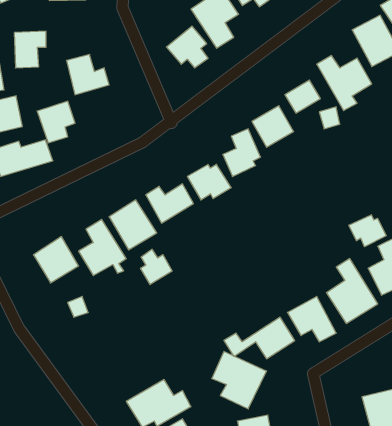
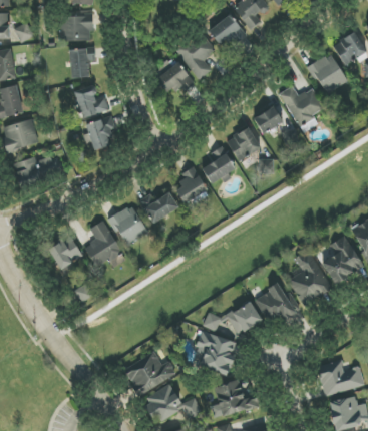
building: [14,31,46,68] -> [69,48,95,78]
building: [37,101,75,143] -> [85,116,116,150]
building: [349,215,386,247] -> none
building: [141,249,172,285] -> none

